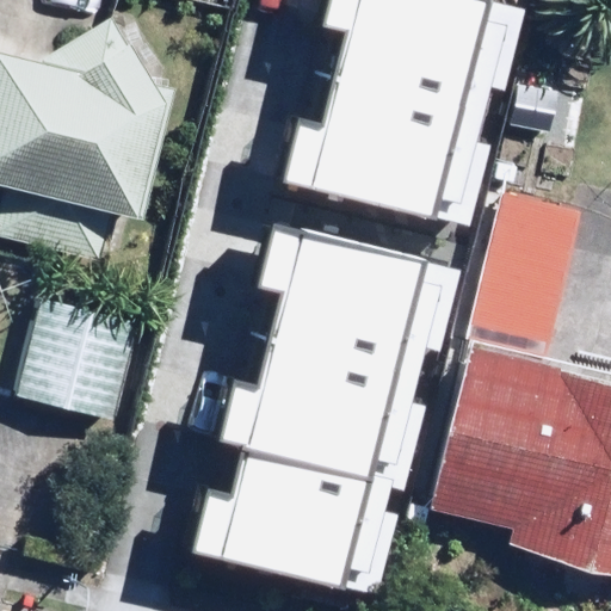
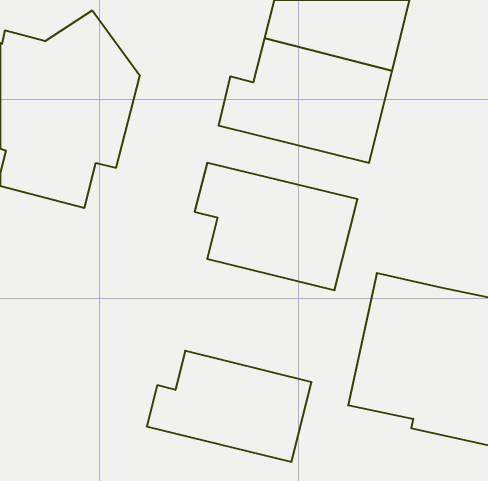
building: [471,199,582,369] -> none
building: [18,302,146,430] -> none
building: [203,333,419,487] -> none

